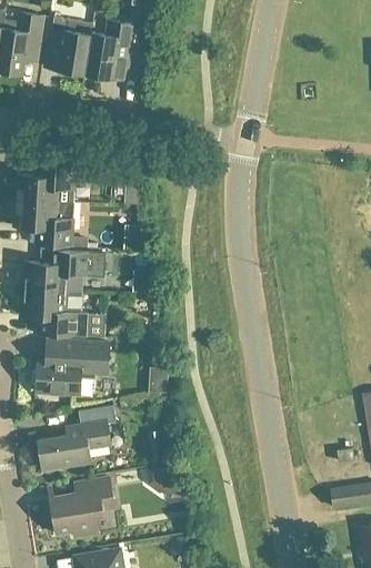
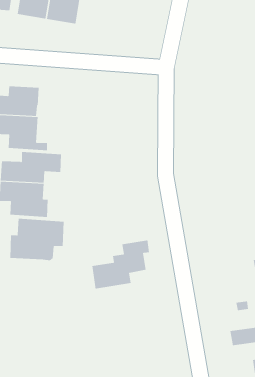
building: [38,405,116,470] -> [91,240,150,289]
building: [50,477,114,537] -> none

